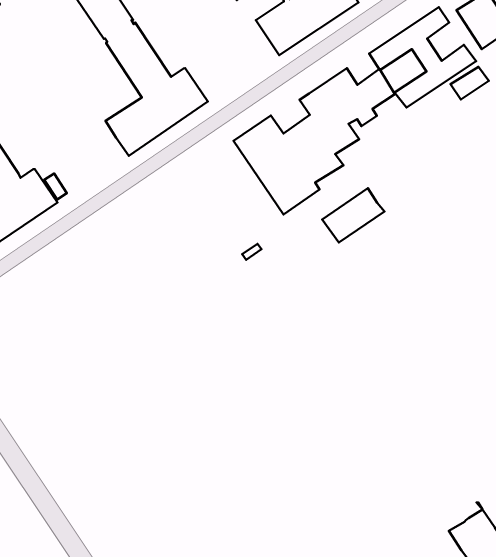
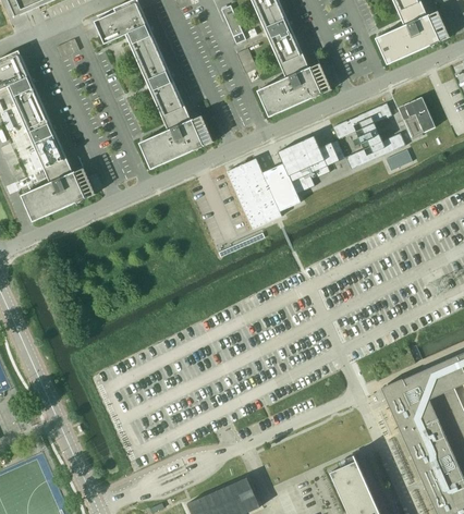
building: [322,188,385,243] -> none

